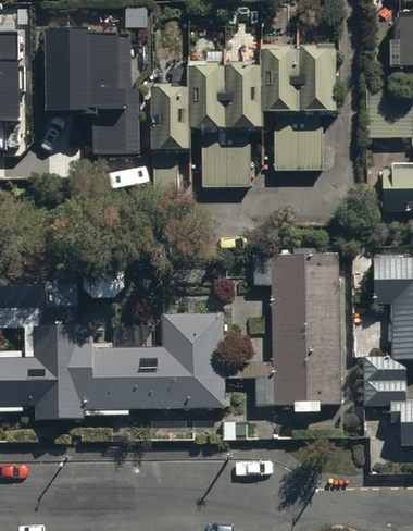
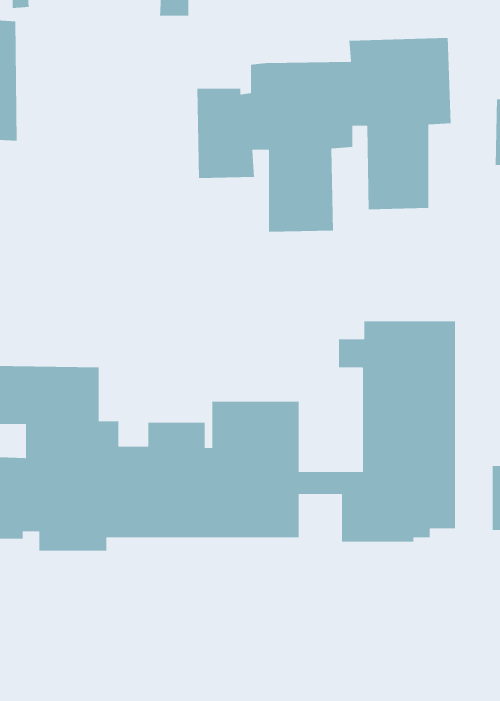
building: [43,30,138,153] -> none

